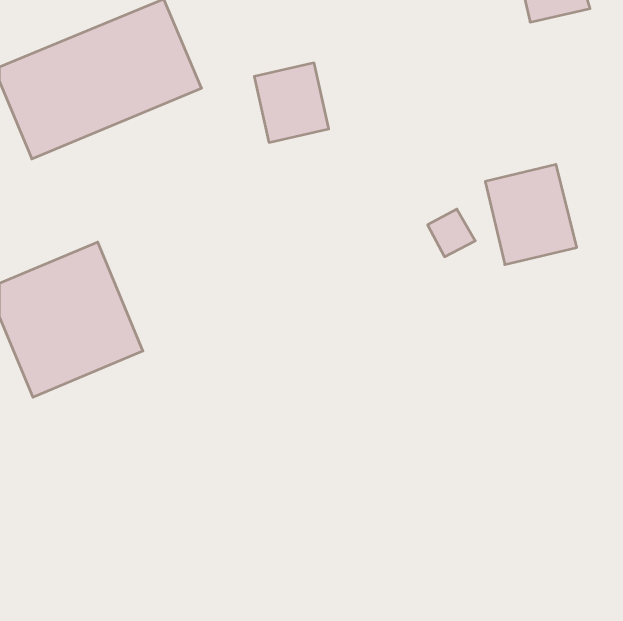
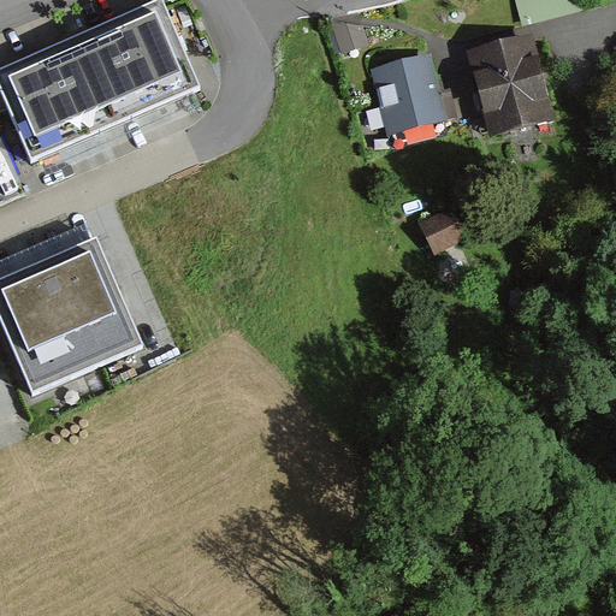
building: [254,63,329,142] -> [372,57,445,135]
building: [485,164,577,265] -> [458,37,549,136]

